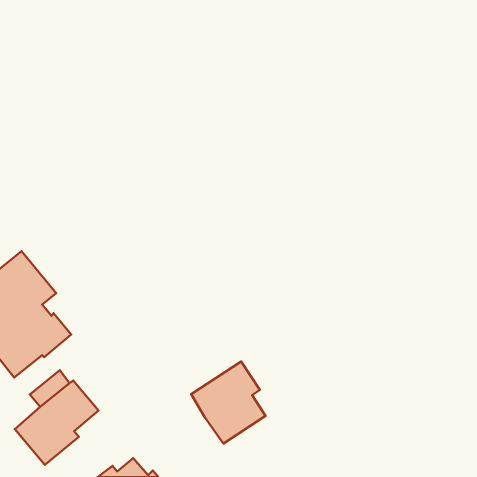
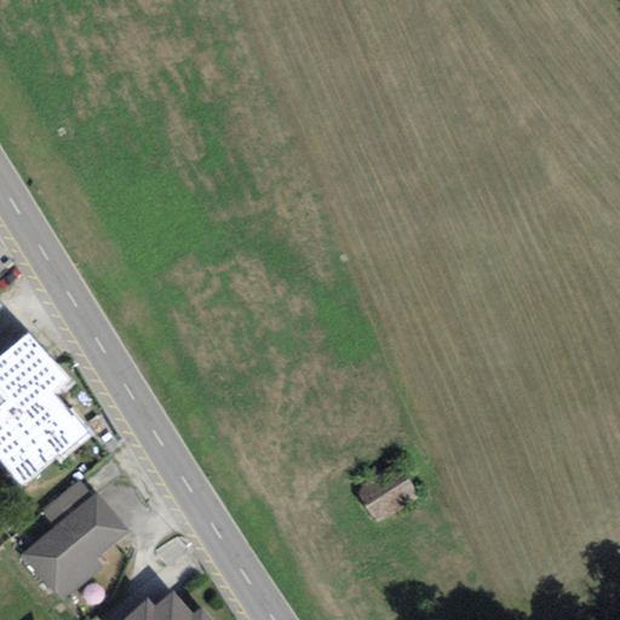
building: [191,362,266,443] -> none
building: none -> [360,473,415,524]

